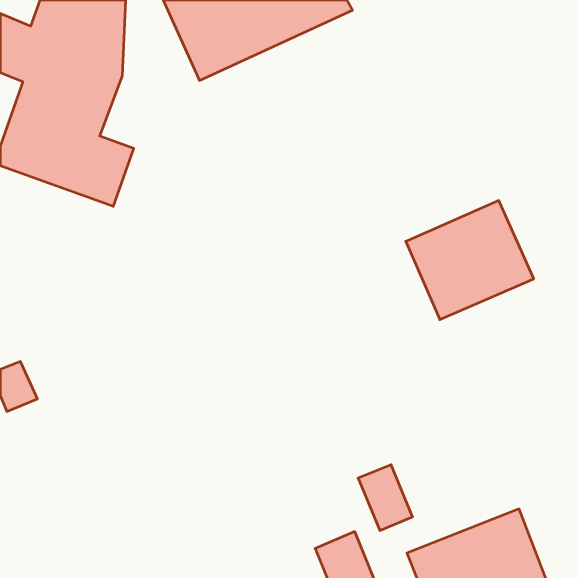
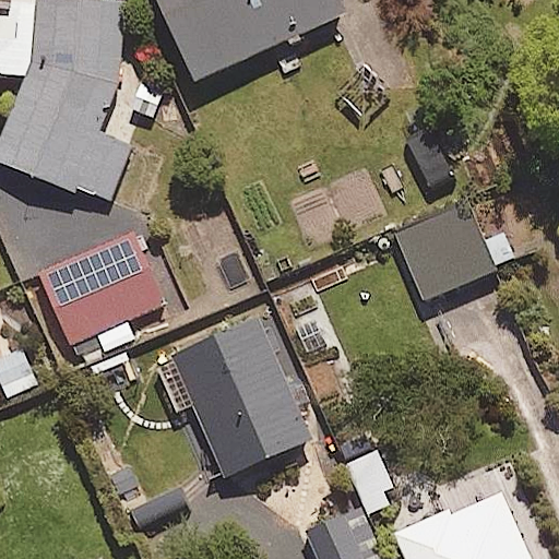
building: none -> [39,231,168,354]
building: none -> [154,314,308,474]

